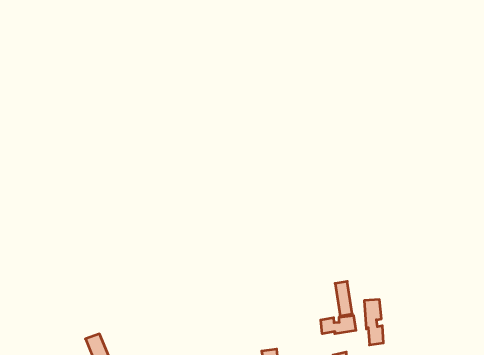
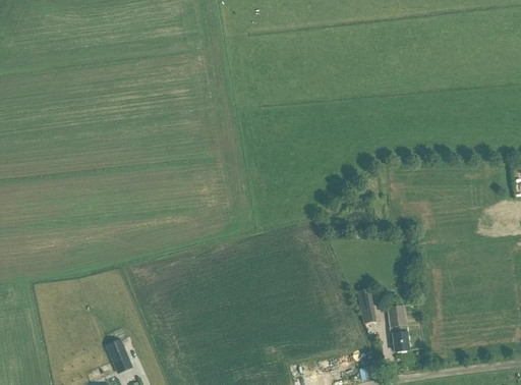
building: [321,316,356,334] -> none

